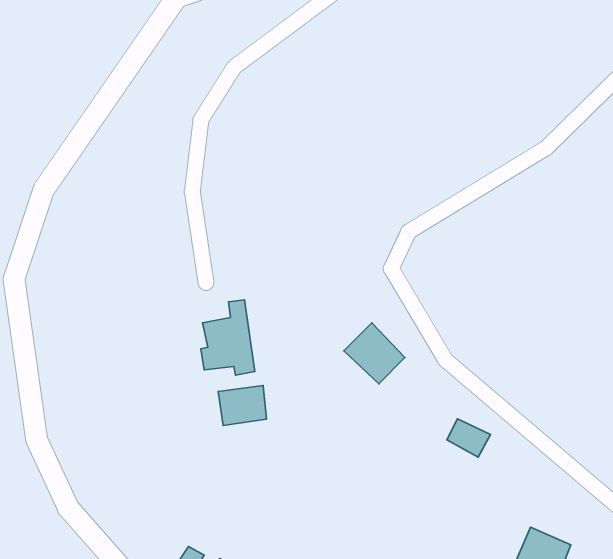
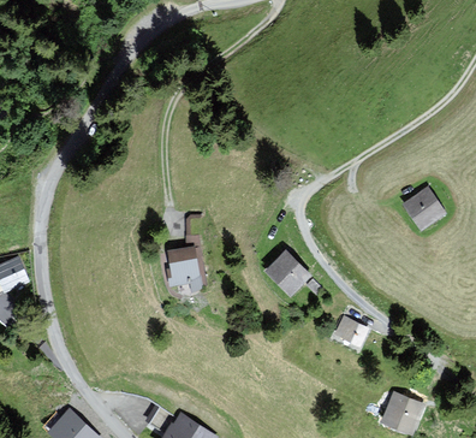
building: none -> [404,188,444,227]
building: [218,386,267,425] -> none

